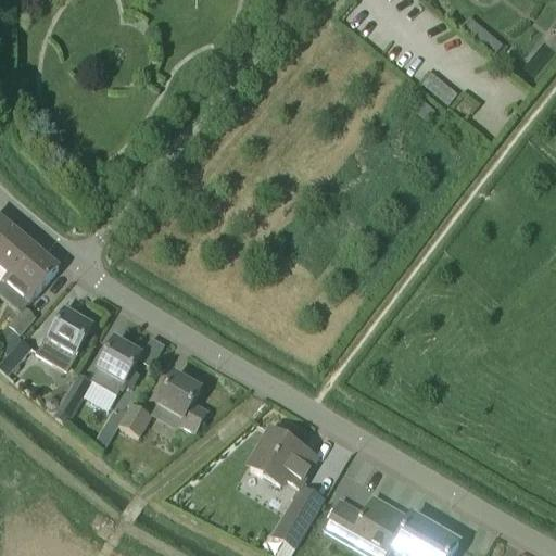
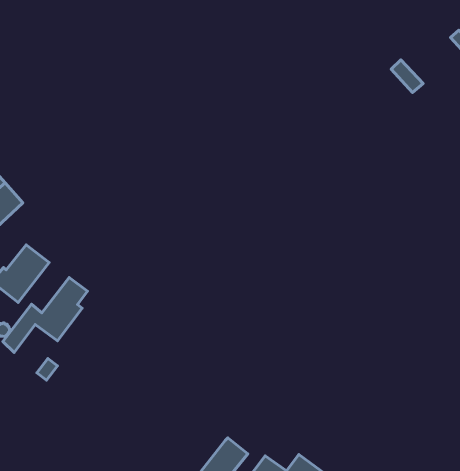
building: [155,371,205,431] -> none
building: [118,401,152,434] -> none
building: [249,429,316,489] -> none

